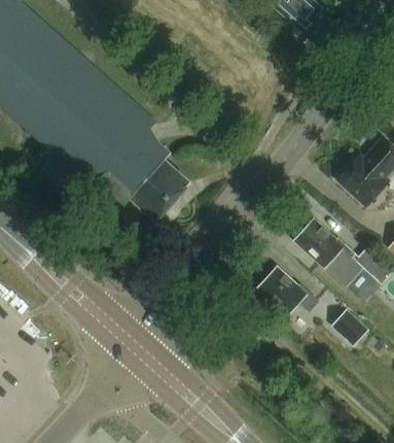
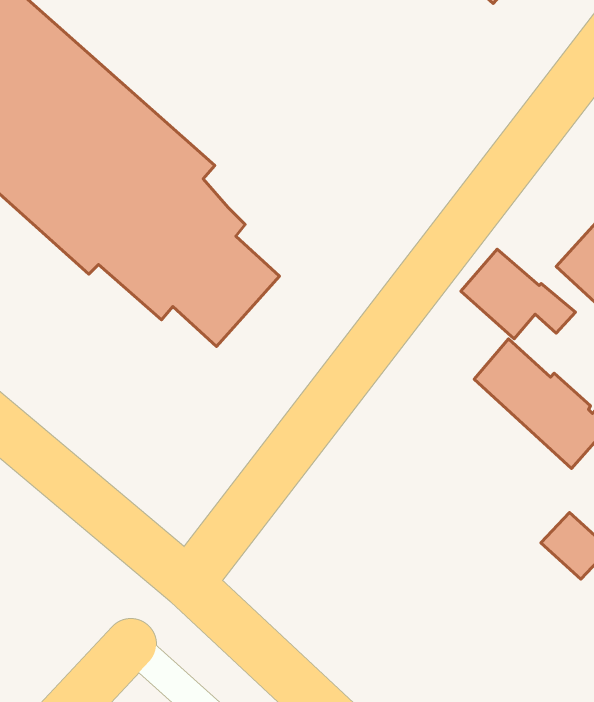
building: [257,265,319,313] -> [461,249,575,339]

